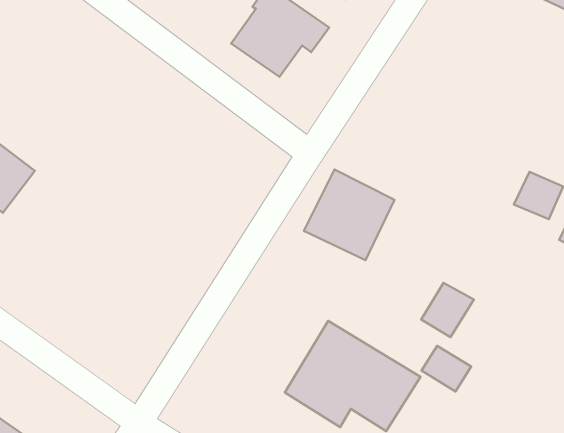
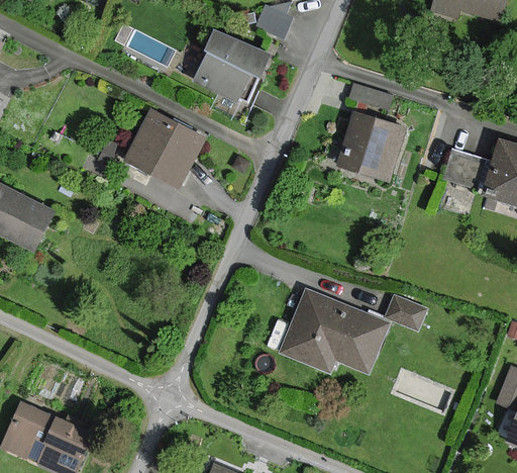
building: none -> [125,110,202,187]
building: [304,169,394,260] -> [337,112,406,181]
building: [421,283,474,337] -> none

